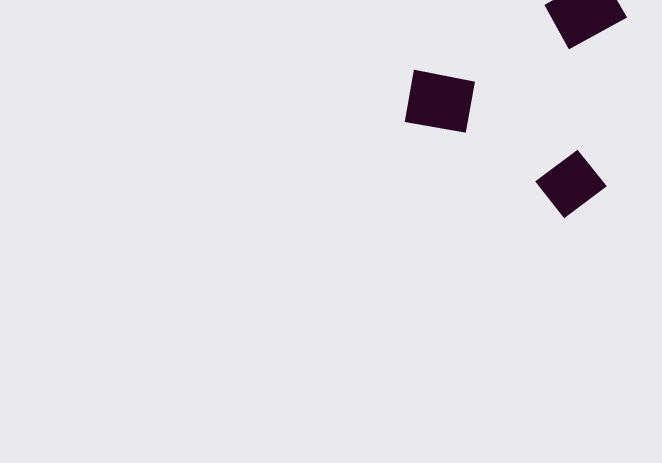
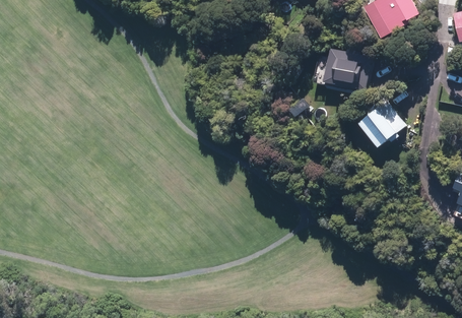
building: [404,69,476,133] -> [323,47,370,88]

